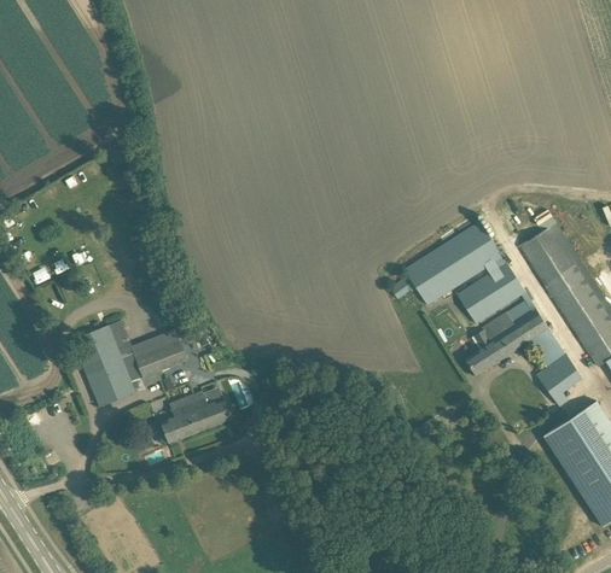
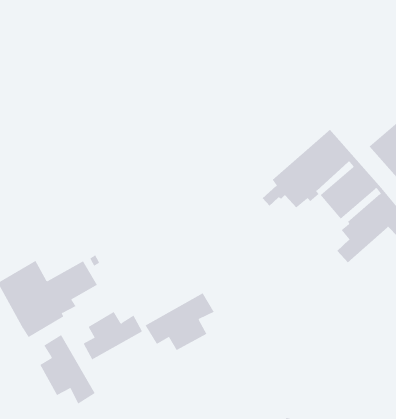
building: none -> [145,292,215,351]
building: none -> [40,334,96,405]

